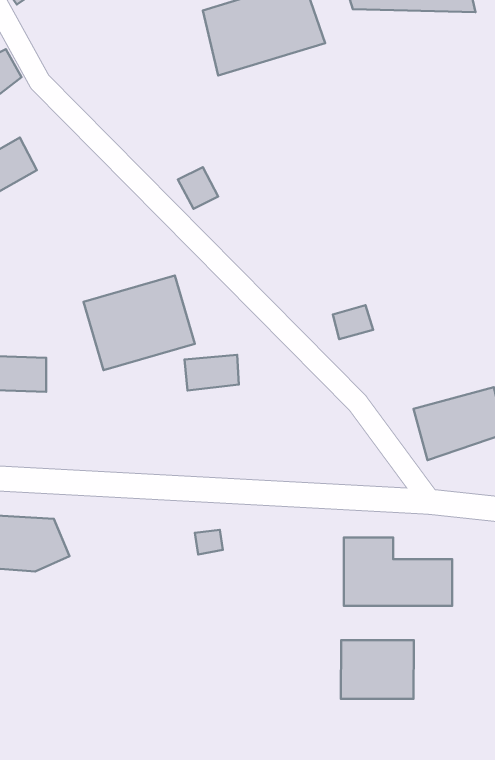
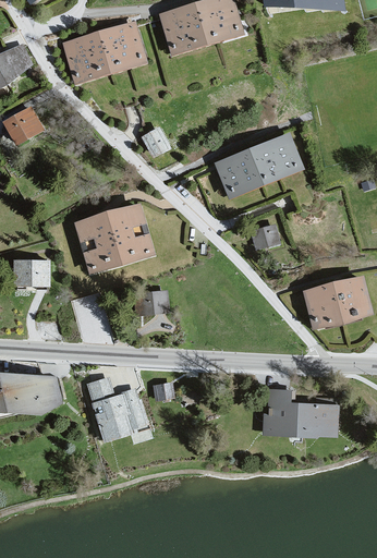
building: none -> [60,24,148,90]
building: none -> [216,132,302,193]
building: [185,355,239,391] -> [130,288,168,313]
building: none -> [84,373,151,446]
building: [341,640,414,699] -> none

